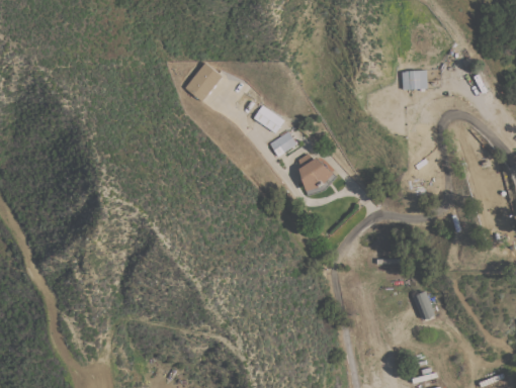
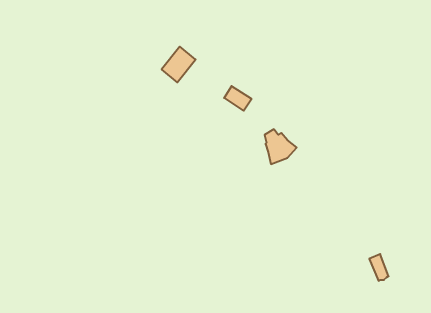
building: [402,71,428,90] -> none
building: [270,130,297,157] -> none

